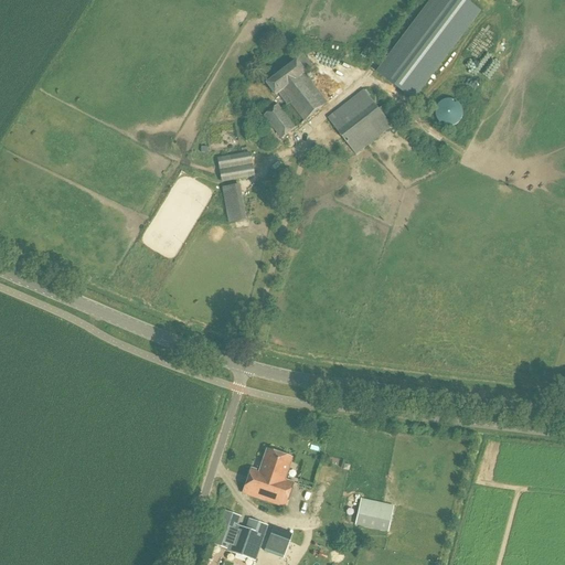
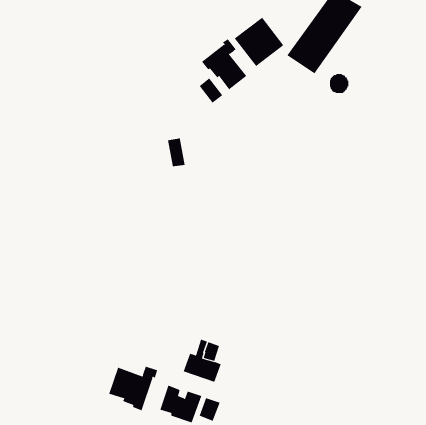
building: [326,87,392,153] -> [234,17,284,67]
building: [215,150,253,181] -> none
building: none -> [109,366,158,411]
building: [353,497,392,531] -> none

